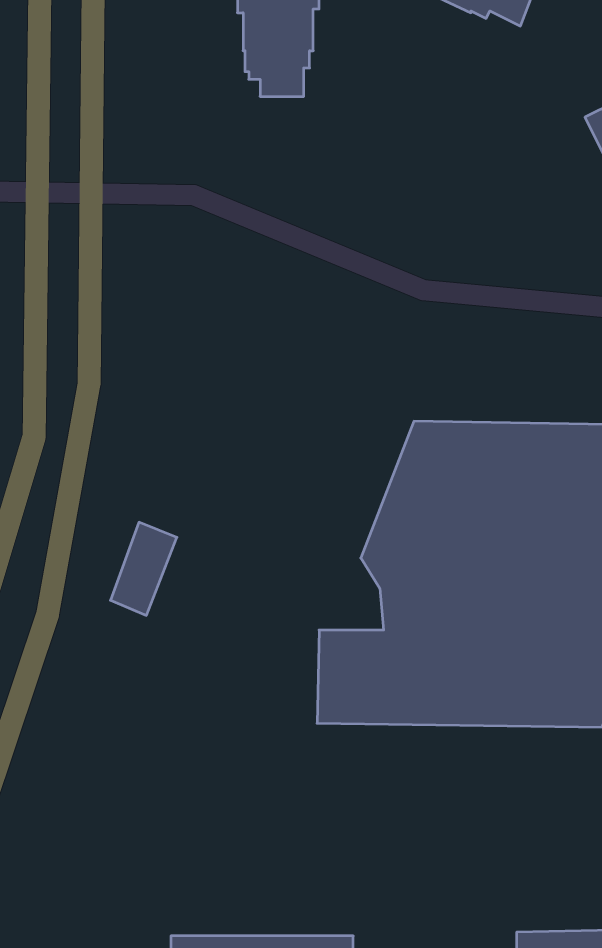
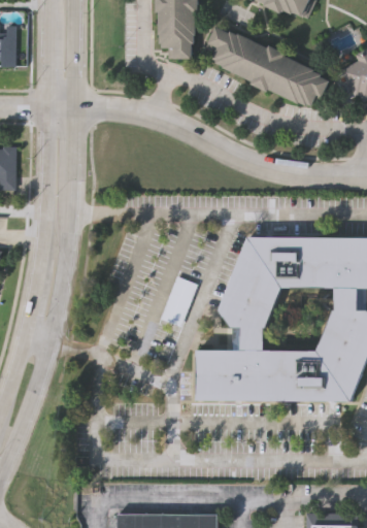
building: none -> [204,27,333,107]
building: [110,522,177,615] -> [161,276,197,327]

